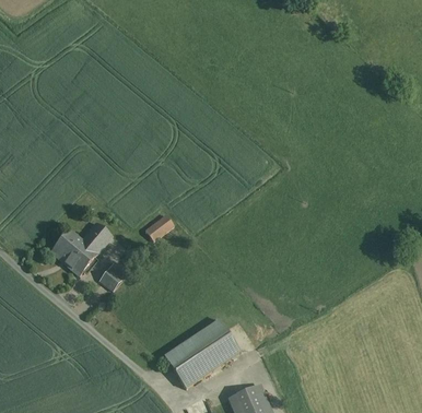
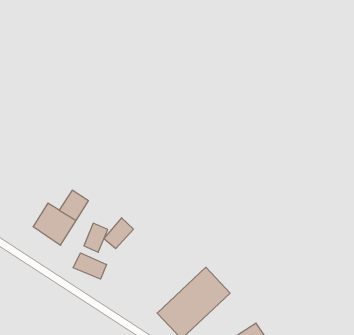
building: [148,210,178,239] -> [104,218,133,249]
building: none -> [73,253,107,279]

